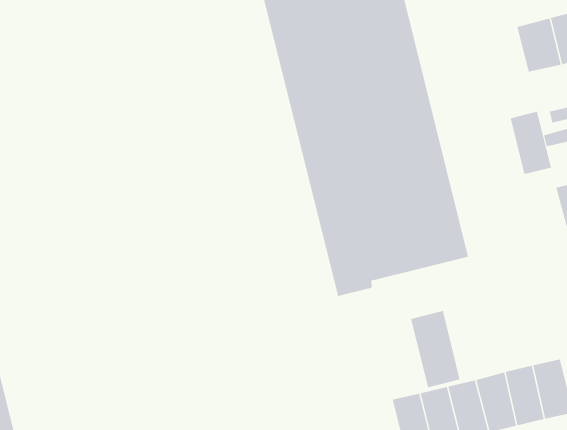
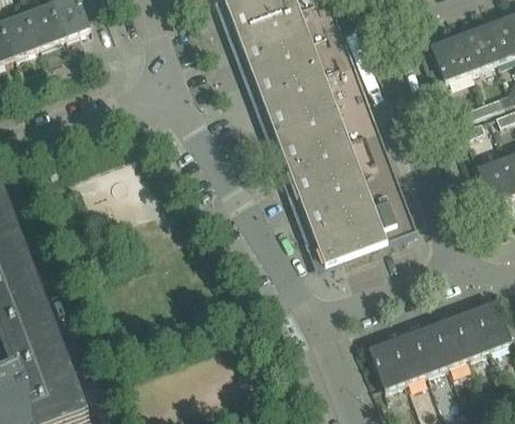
building: [510,111,551,175] -> none
building: [411,310,460,388] -> none

